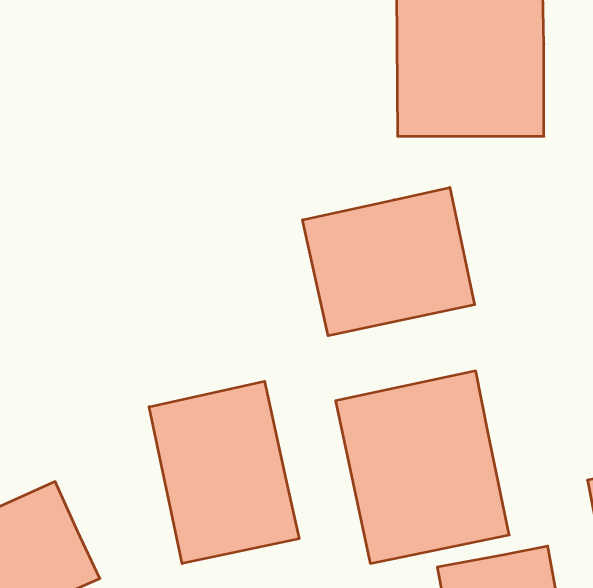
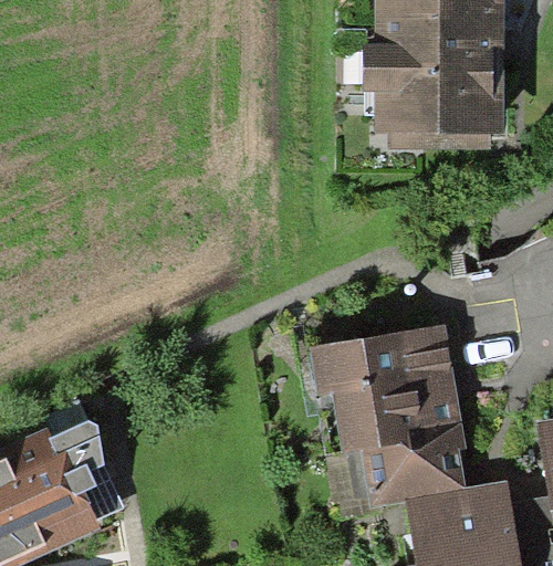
building: [303,187,475,336] -> none
building: [149,381,299,564] -> none

